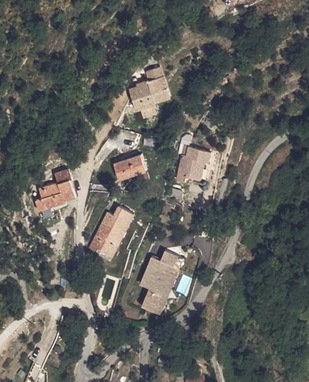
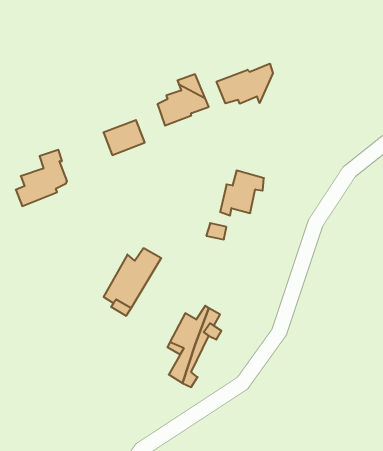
building: none -> [217,64,273,104]
building: [114,150,147,178] -> [103,120,145,155]
building: [34,168,75,213] -> [16,150,67,206]

